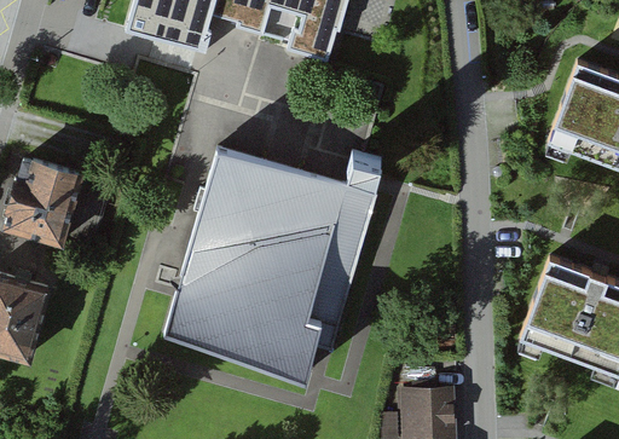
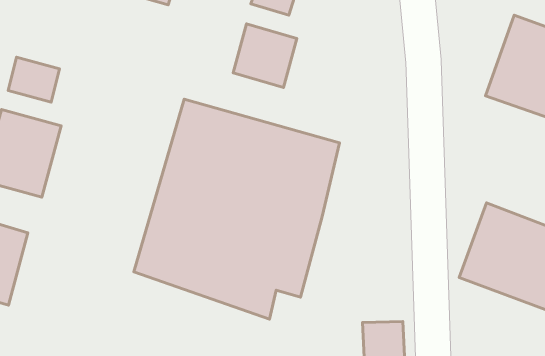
building: none -> [233,24,297,88]
building: none -> [8,57,59,102]

